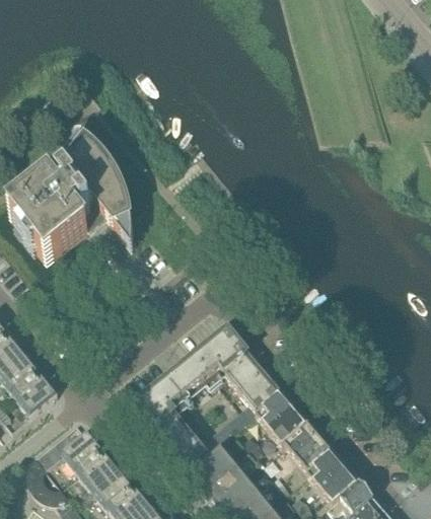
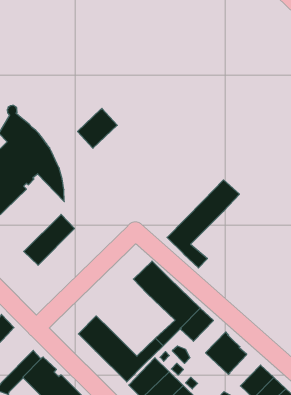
building: none -> [78,108,117,148]
building: none -> [167,180,239,268]
building: [156,350,219,407] -> [24,214,74,265]
building: [269,409,308,446] -> none
building: [306,443,346,490] -> none

